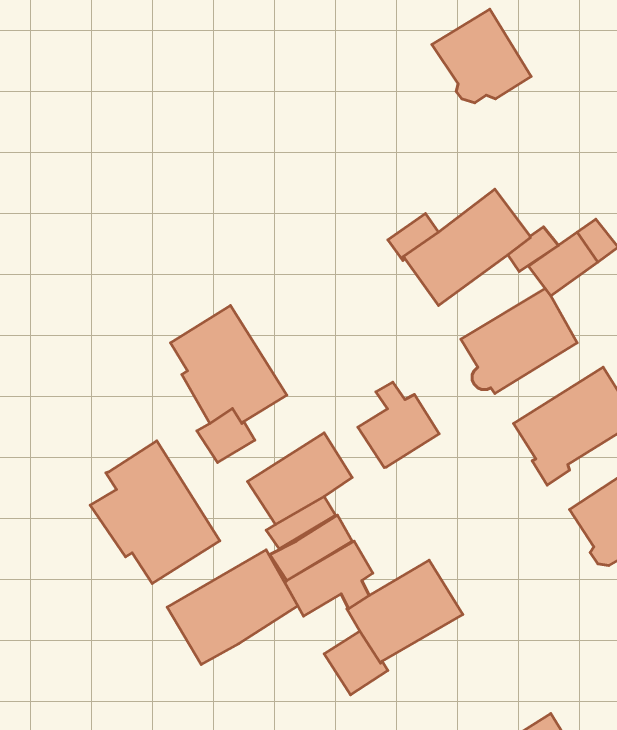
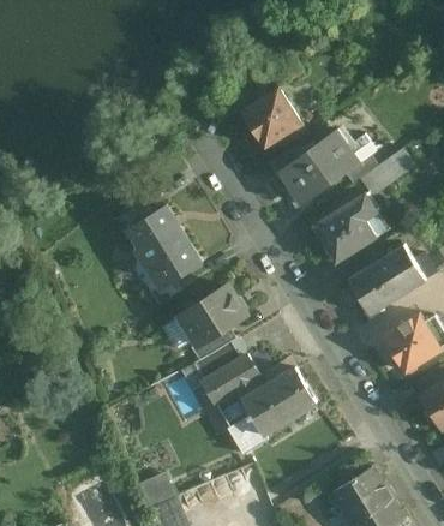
building: [432,9,531,103] -> [242,88,306,148]
building: [358,382,439,468] -> none
building: [90,441,220,583] -> none
building: [167,550,298,665] -> none

